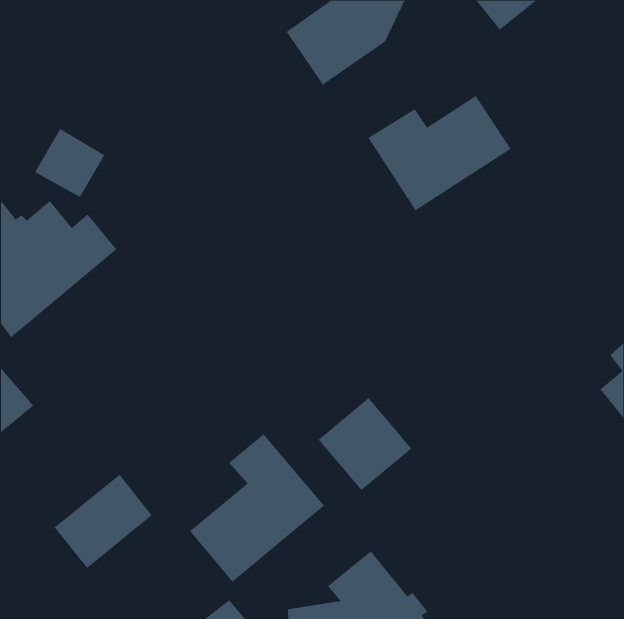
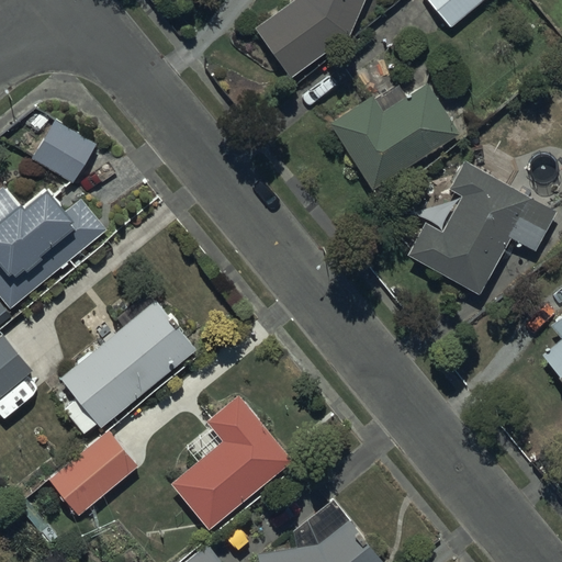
building: none -> [407,159,555,292]
building: none -> [60,299,196,432]
building: [318,397,412,491] -> none

